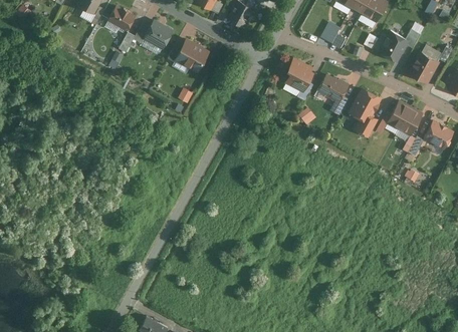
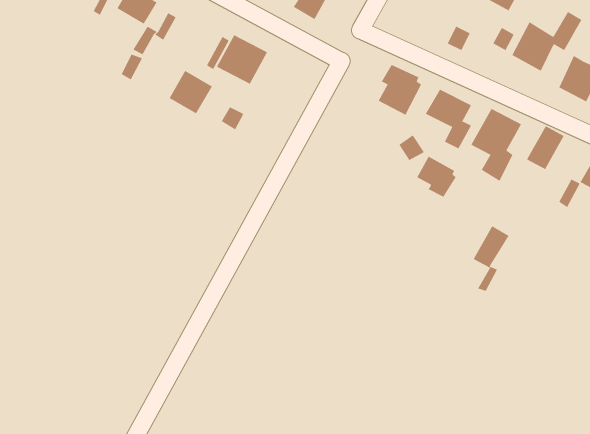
building: [143,19,173,49] -> [169,70,213,114]
building: [400,107,425,152] -> [473,225,510,291]
building: none -> [416,156,456,197]

